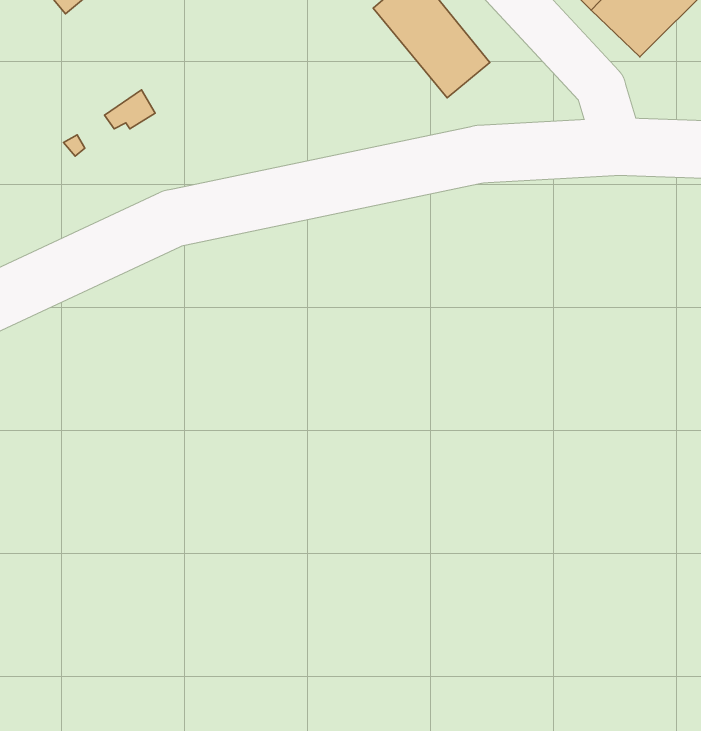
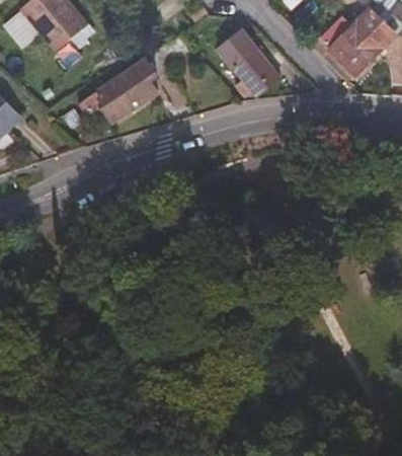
building: none -> [103,64,157,122]

